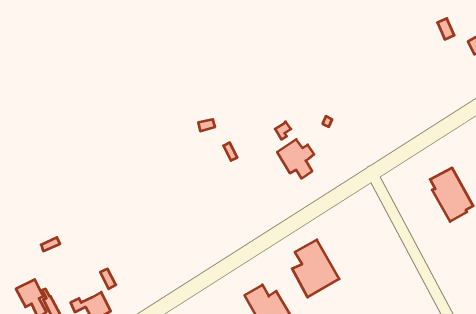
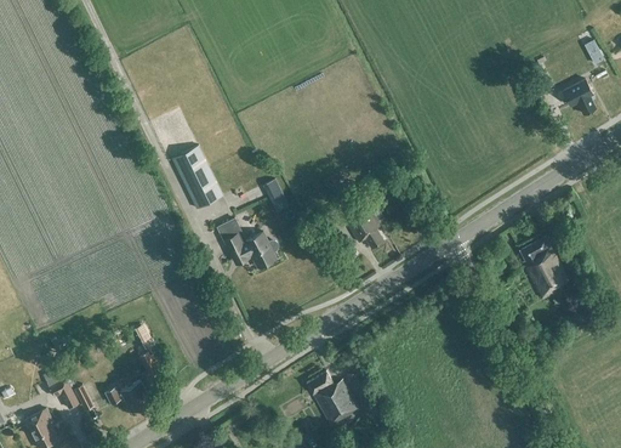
building: none -> [172,146,224,209]
building: none -> [218,219,279,268]
building: [292,240,339,297] -> none

